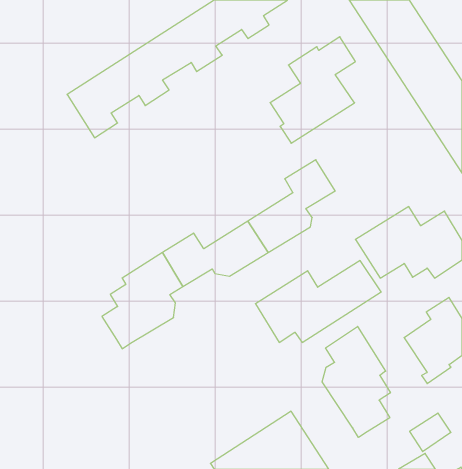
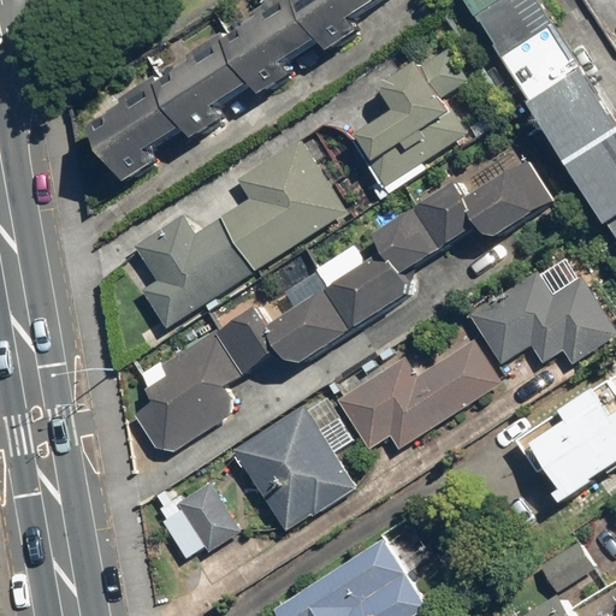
building: none -> [132,138,345,327]
building: none -> [414,160,552,250]
building: none -> [231,405,354,532]
building: [322,326,390,437] -> none
building: none -> [173,481,239,553]

